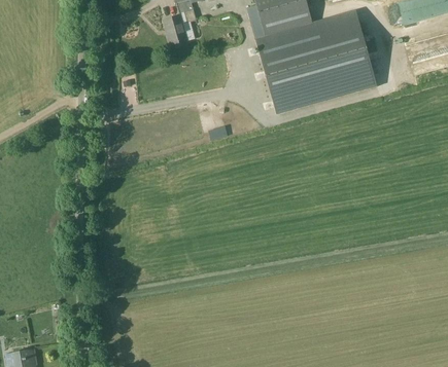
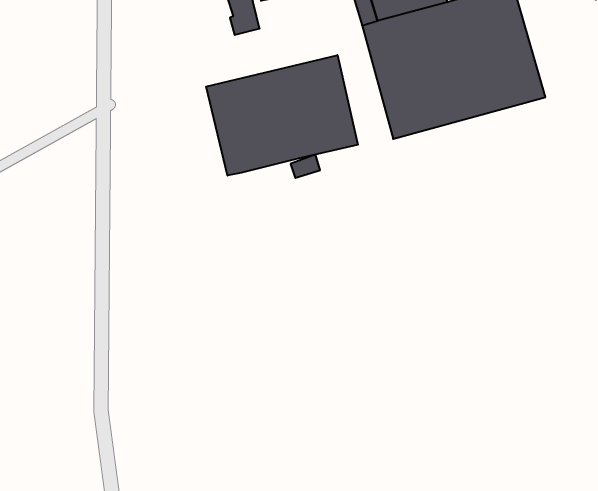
building: none -> [206,55,358,176]

